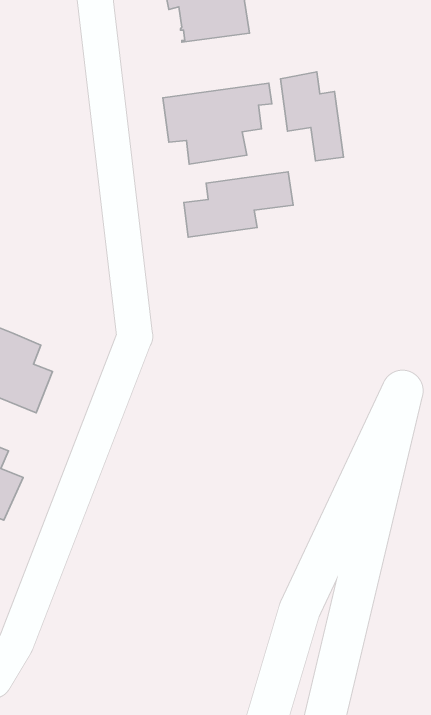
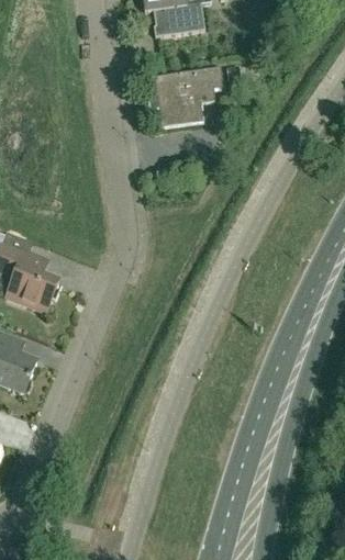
building: [281,72,344,161] -> none
building: [184,172,293,237] -> none

